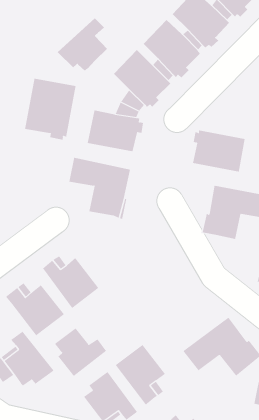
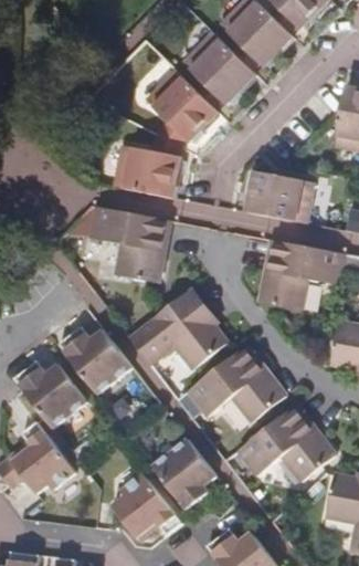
building: [57,17,108,71] -> none
building: [24,78,76,140] -> none
building: none -> [127,289,225,367]
building: none -> [184,347,283,421]
building: [54,327,107,377] -> none

